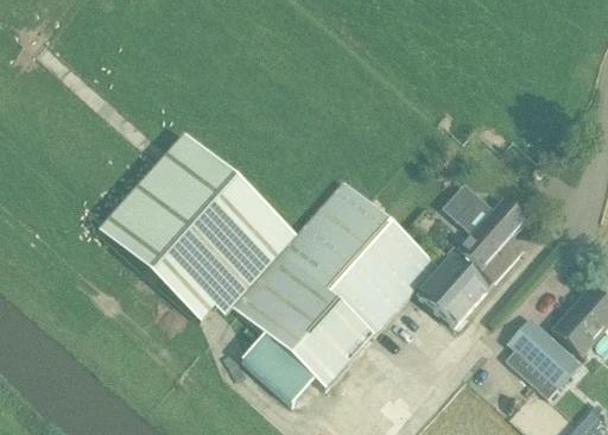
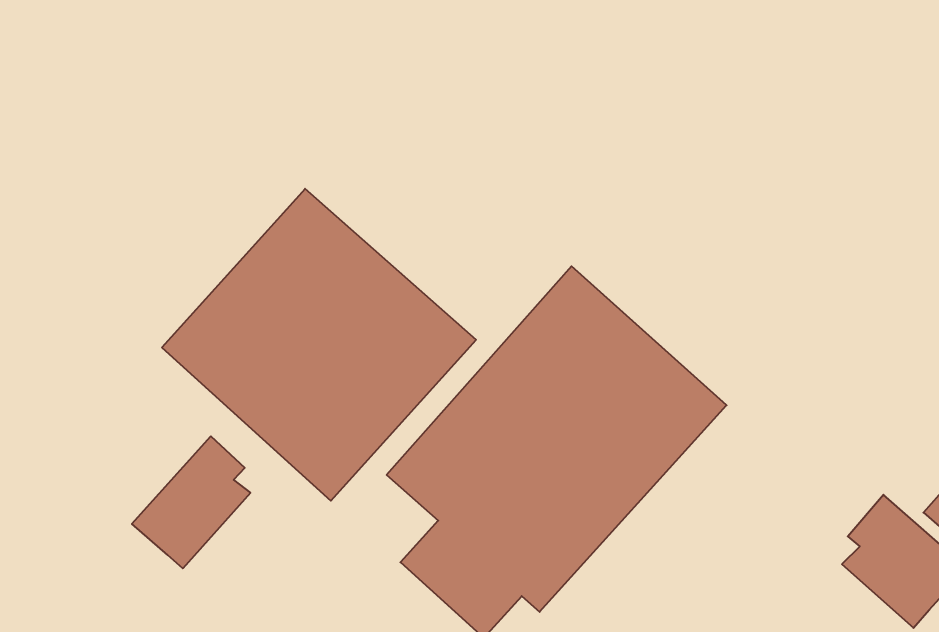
building: [419,197,527,324] -> none
building: none -> [132,436,250,568]

